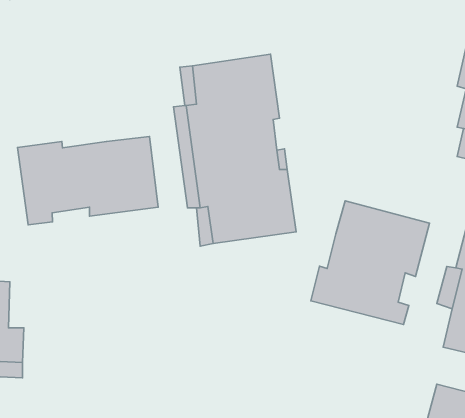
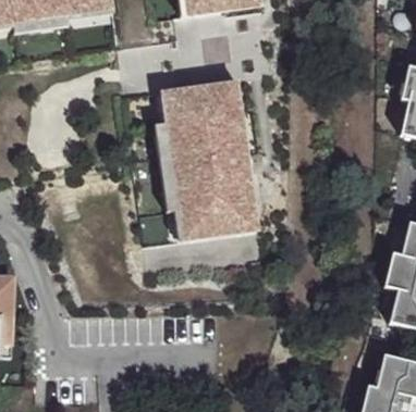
building: [18,137,158,225] -> none
building: [311,201,430,324] -> none

